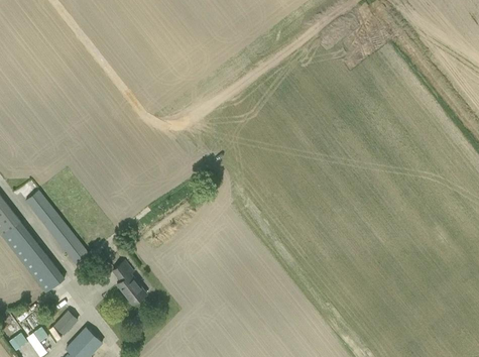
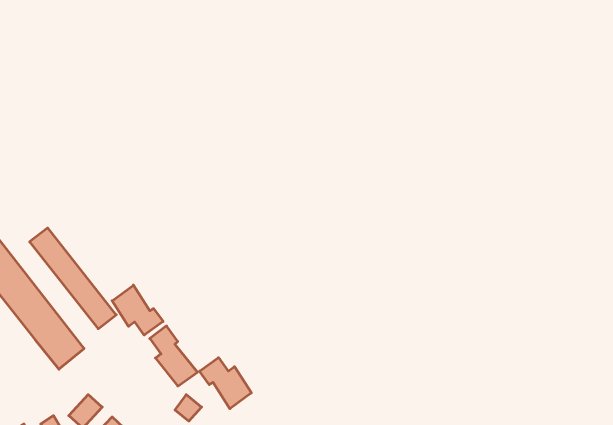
building: none -> [112,285,163,335]
building: none -> [200,358,251,409]

